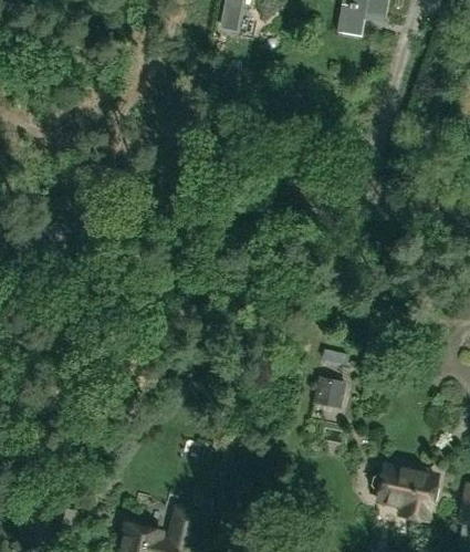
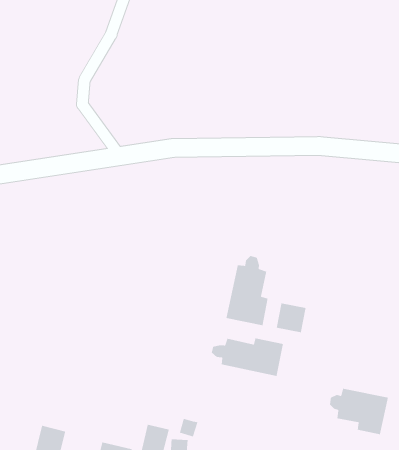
building: none -> [226,255,269,326]
building: none -> [211,338,284,377]

